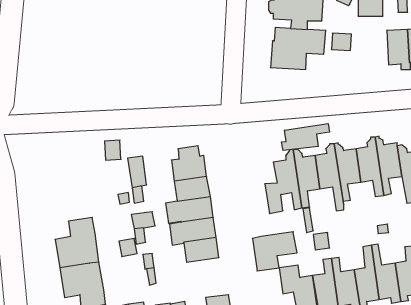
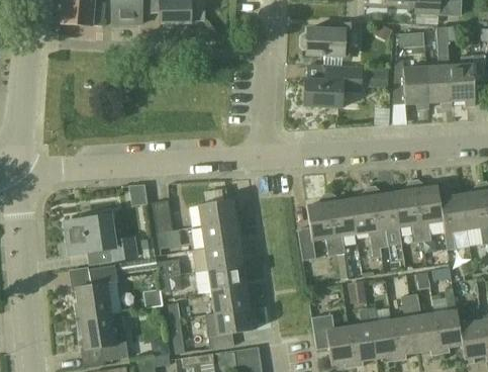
building: none -> [393,58,429,110]
building: [282,124,330,150] -> none
building: none -> [64,214,138,262]
building: [252,232,297,271] -> [205,307,253,349]

